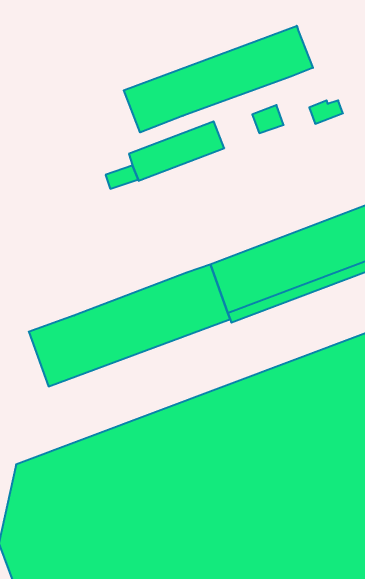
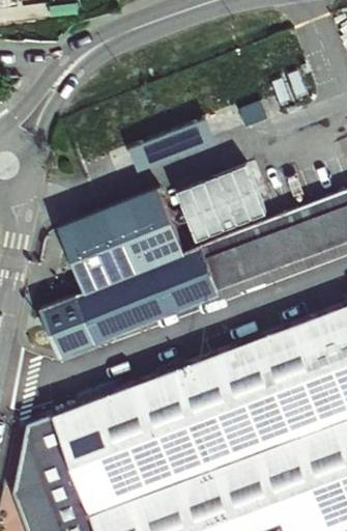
building: [124,26,313,132] -> none
building: none -> [179,166,268,242]
building: none -> [61,188,185,290]

